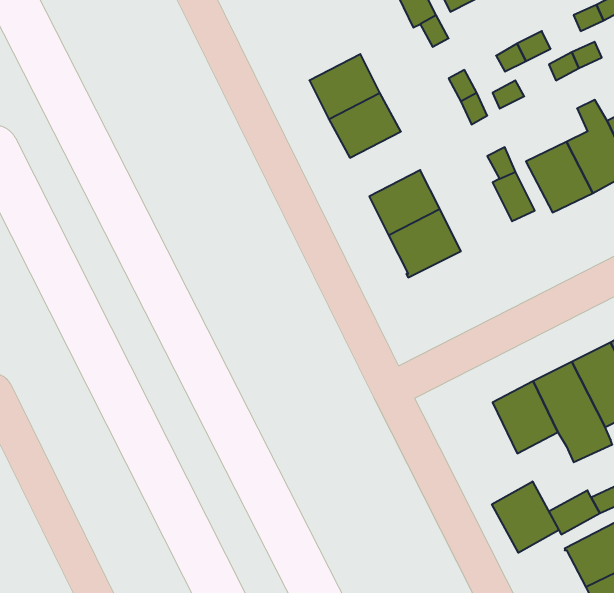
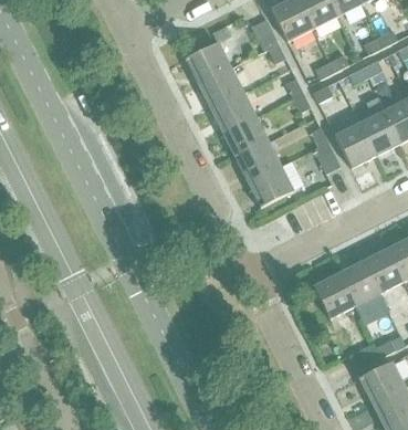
building: none -> [185,42,230,84]
building: none -> [223,116,268,157]
building: [492,481,559,553] -> none

